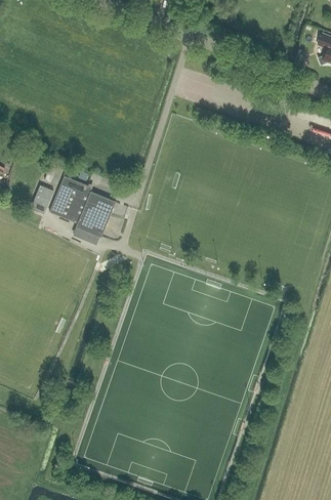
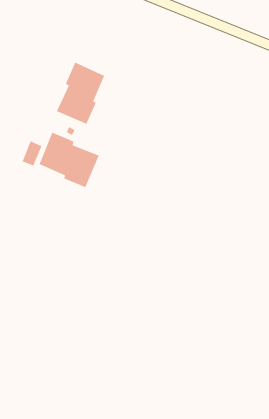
building: none -> [56,61,105,125]

